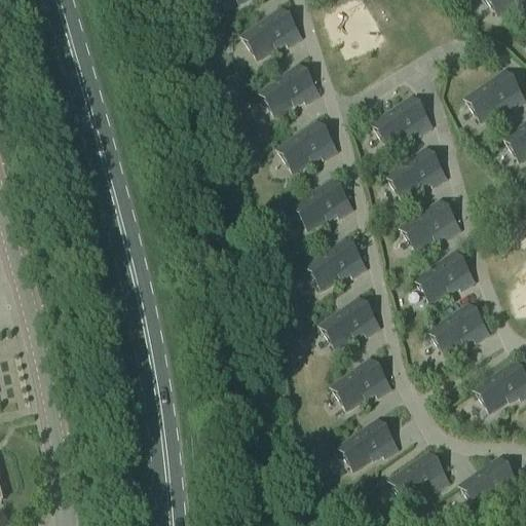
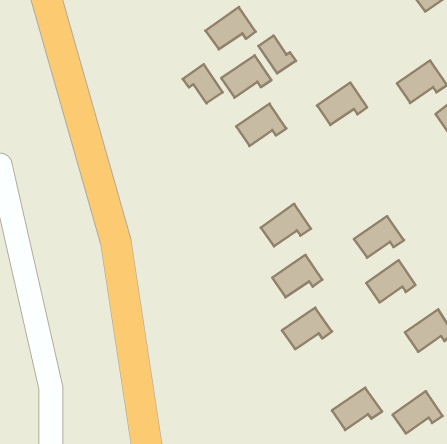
building: none -> [258,36,296,73]
building: none -> [183,64,223,103]
building: [387,149,446,197] -> none
building: [294,180,352,229] -> none
building: [402,200,460,250] -> none
building: [339,420,398,469] -> none

